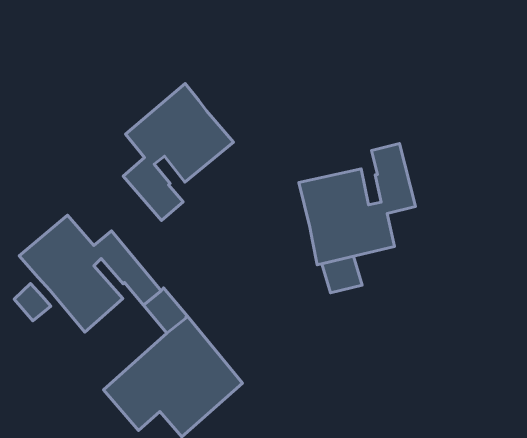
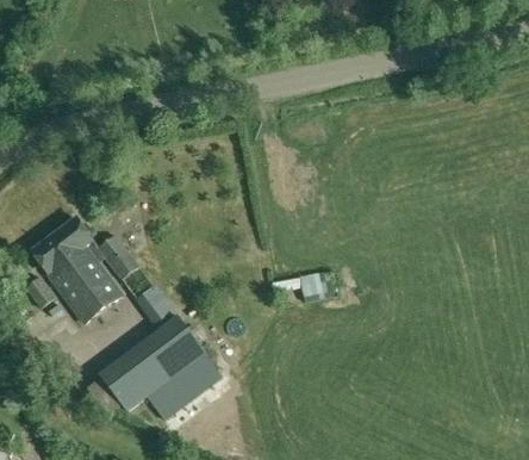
building: [123,84,233,220] -> none
building: [299,143,415,265] -> none

